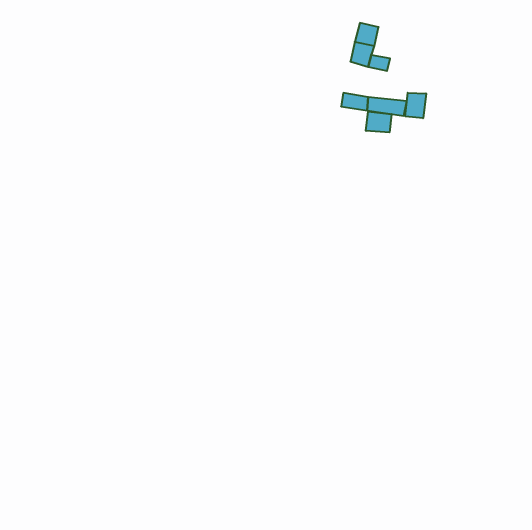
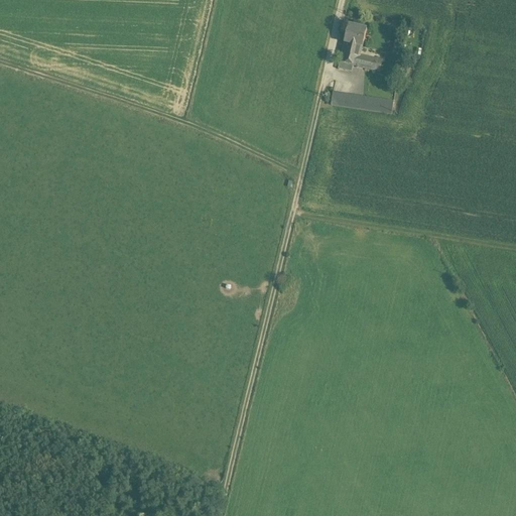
building: [405,93,426,118] -> none
building: [366,112,391,132] -> none

